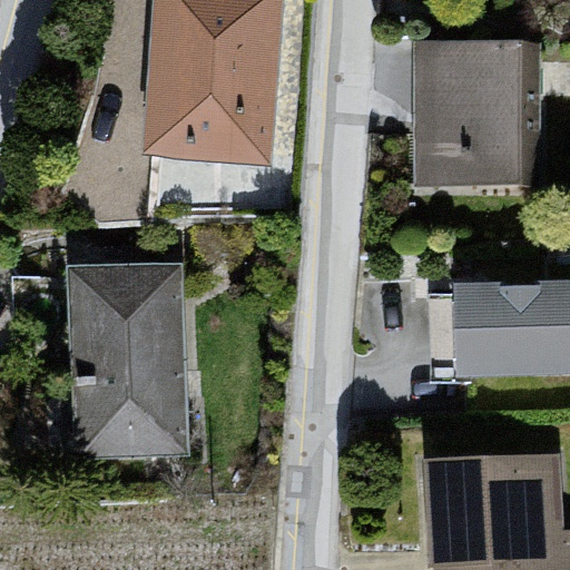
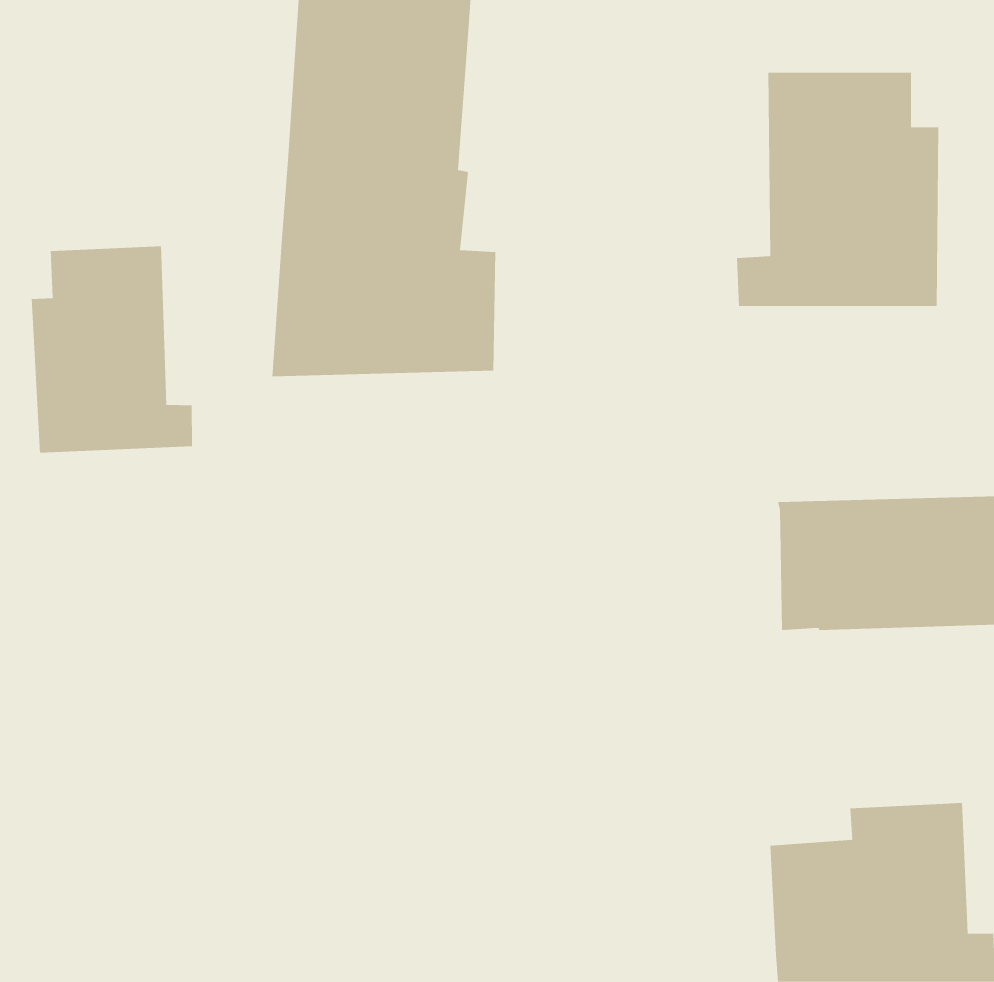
building: none -> [31,246,193,454]
building: [22,265,189,443] -> none

